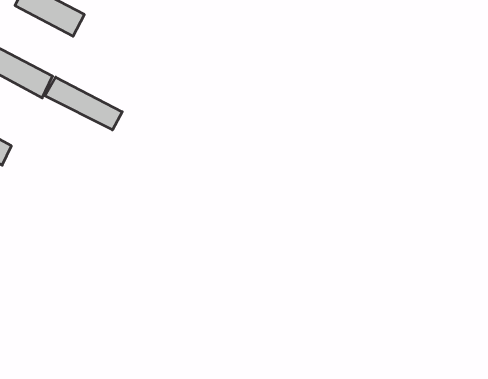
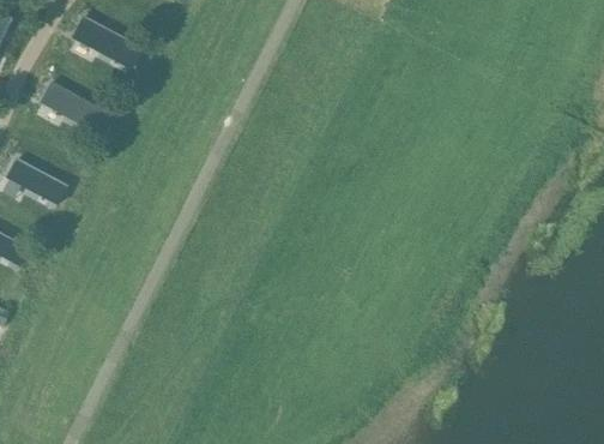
building: [45,77,122,130] -> none

